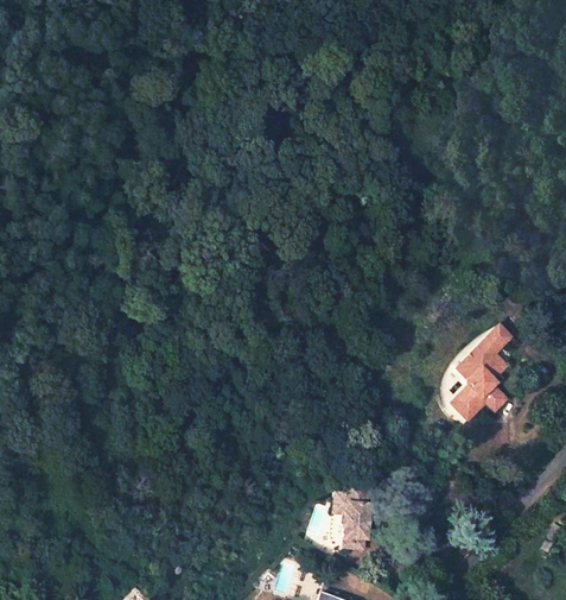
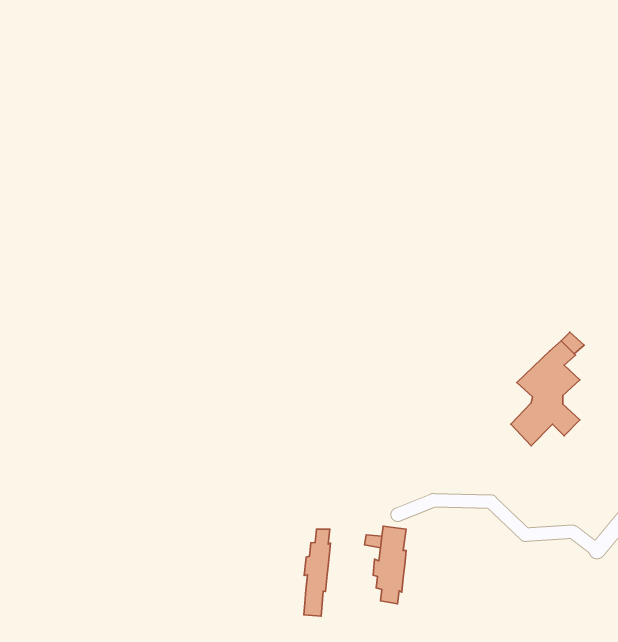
building: none -> [304,529,331,616]

